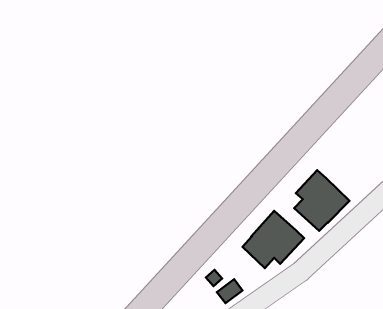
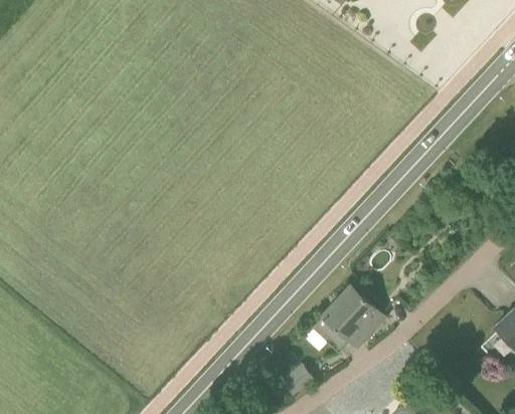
building: [294,170,349,231] -> none

